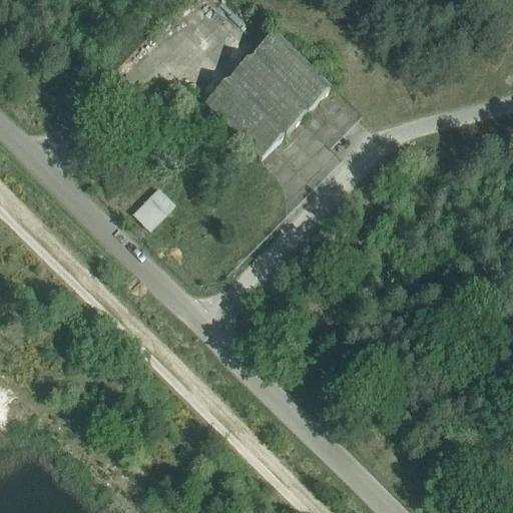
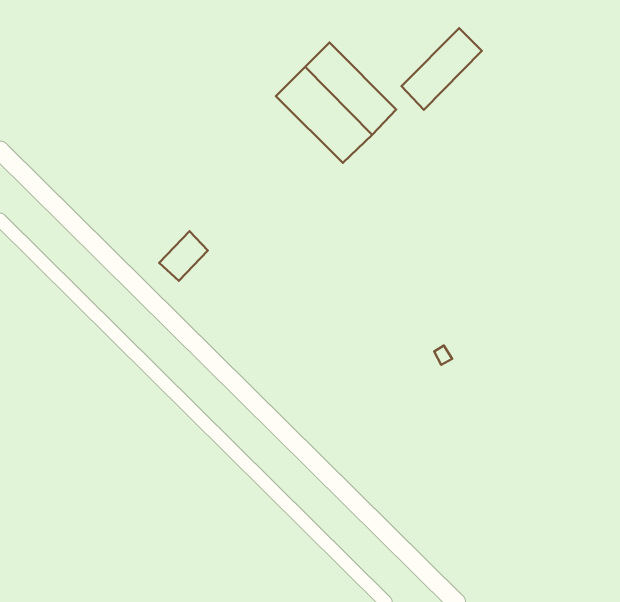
building: none -> [401,28,482,110]
building: [203,79,284,160] -> none

